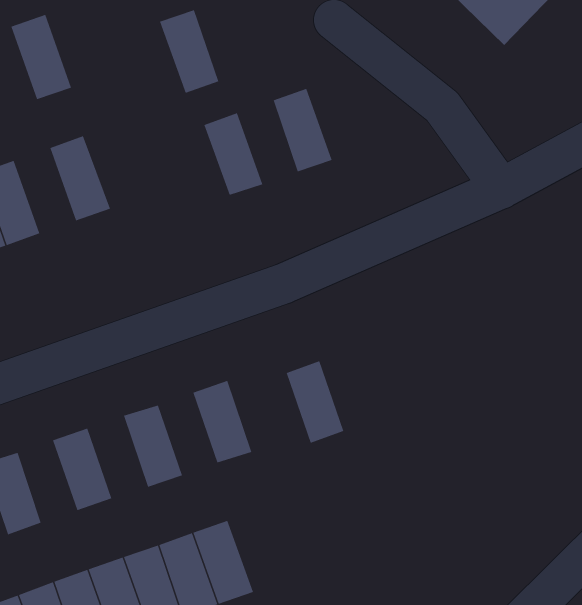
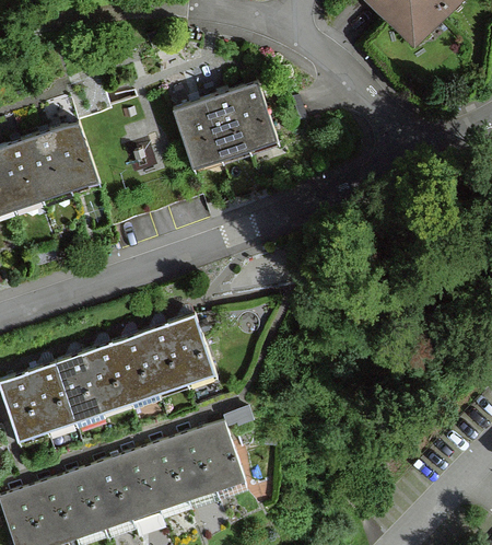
building: [159,9,219,94] -> [201,92,249,160]
building: [11,14,72,100] -> [22,130,71,199]
building: [286,360,344,443] -> [138,327,185,394]
building: none -> [81,346,129,413]
building: none -> [25,366,72,432]
building: none -> [194,420,242,488]

